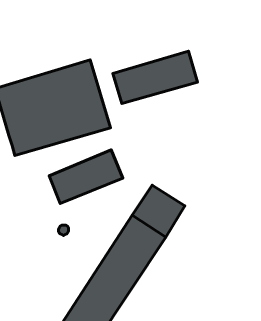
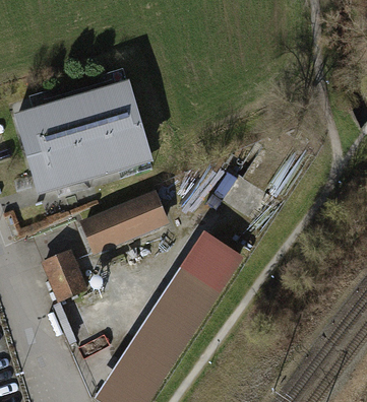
building: [113,51,197,103] -> none
building: none -> [41,249,87,302]

